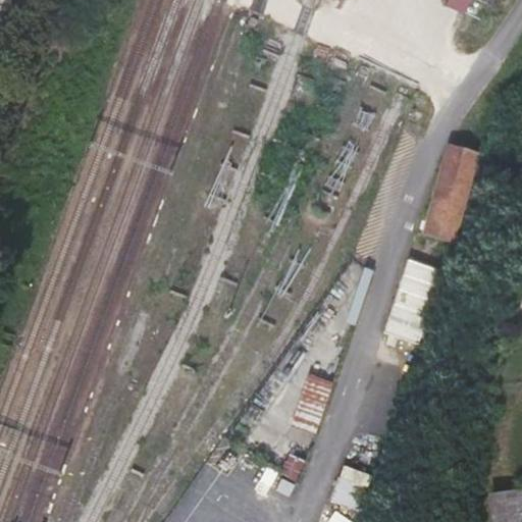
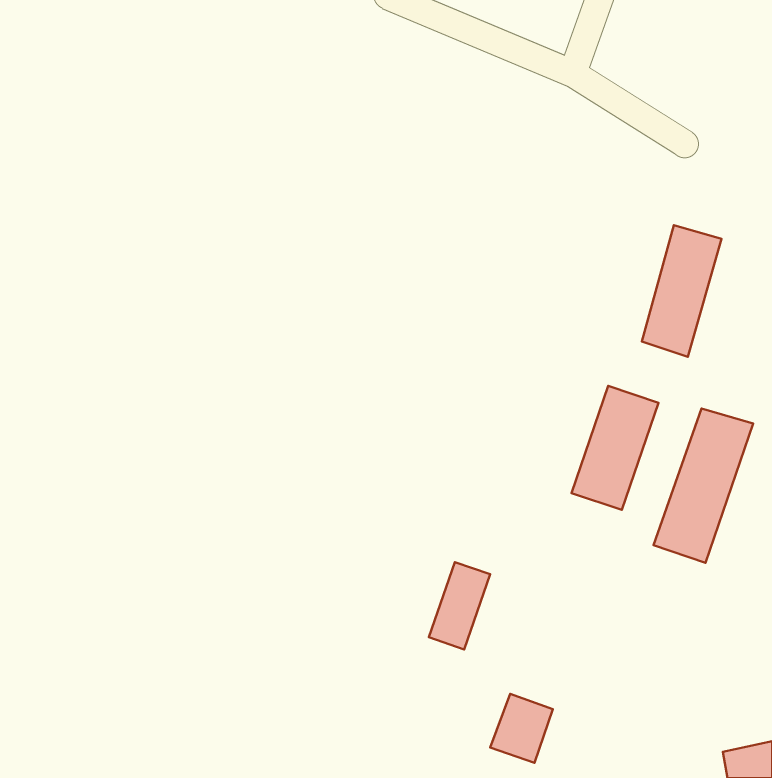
building: none -> [653,408,753,563]

